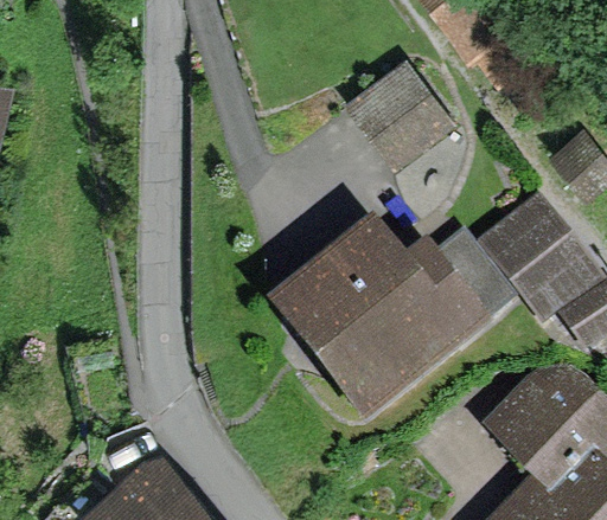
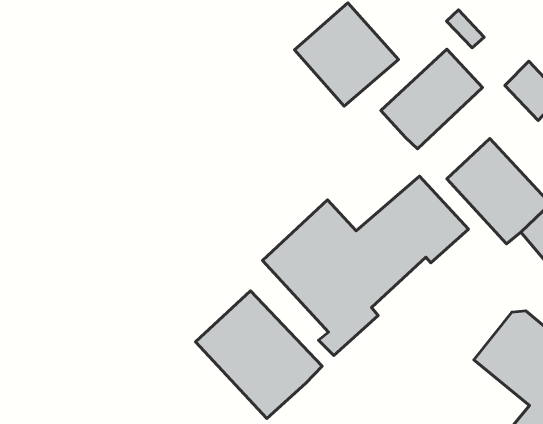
building: none -> [381,49,483,149]
building: none -> [196,291,322,419]

